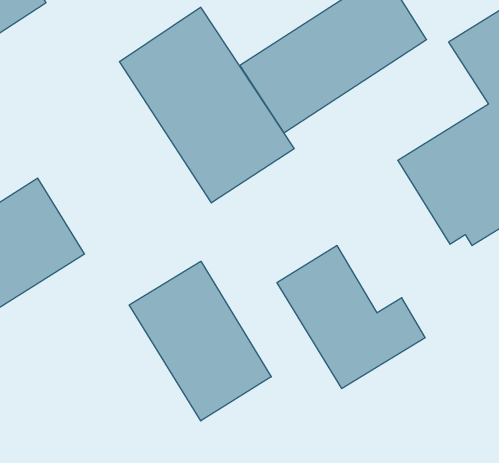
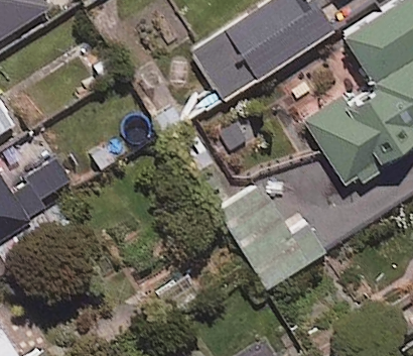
building: [119,7,294,203] -> none
building: [129,261,271,421] -> none

